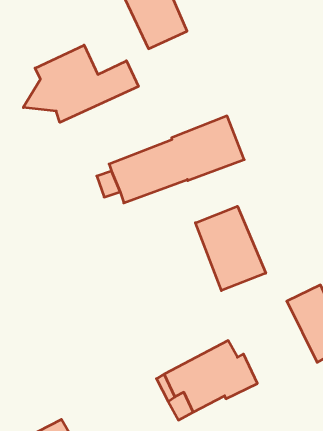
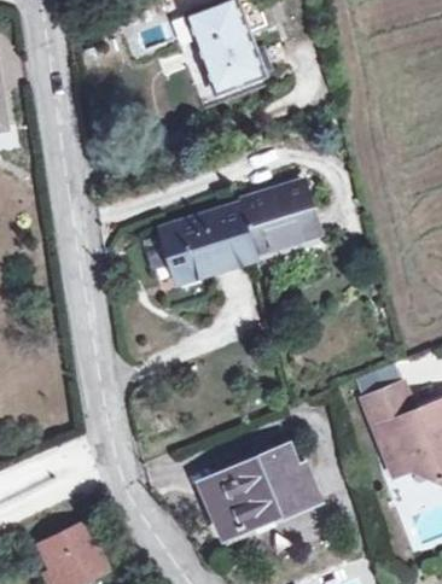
building: [23,45,138,122] -> none
building: [195,206,266,291] -> none

